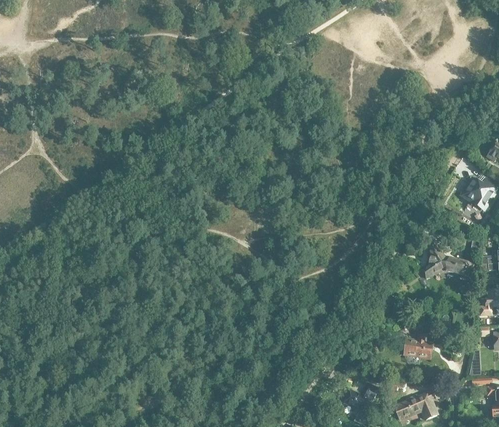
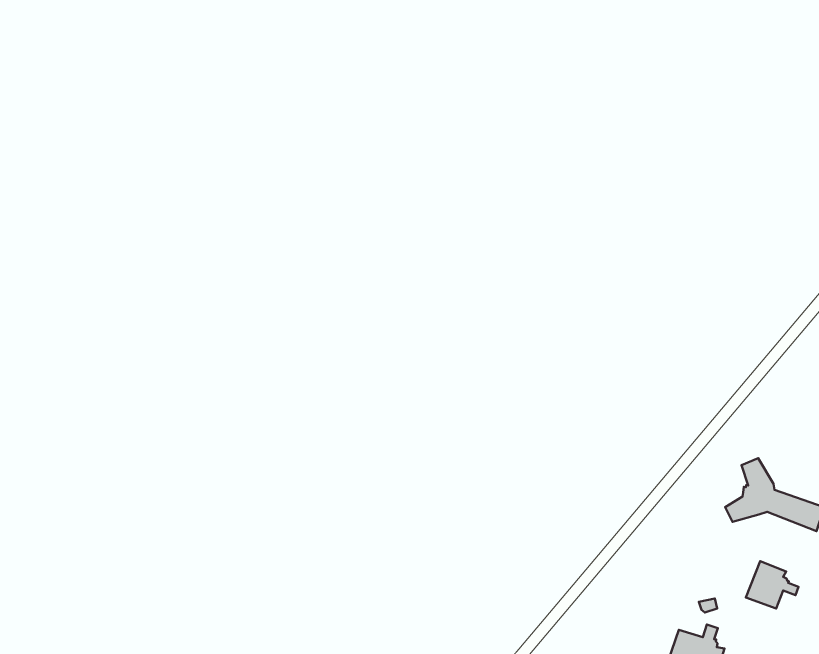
building: none -> [746,561,799,609]

